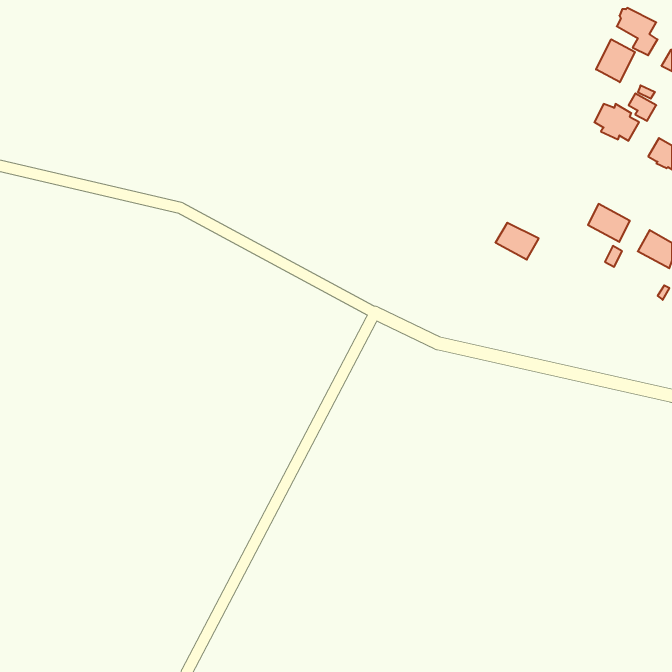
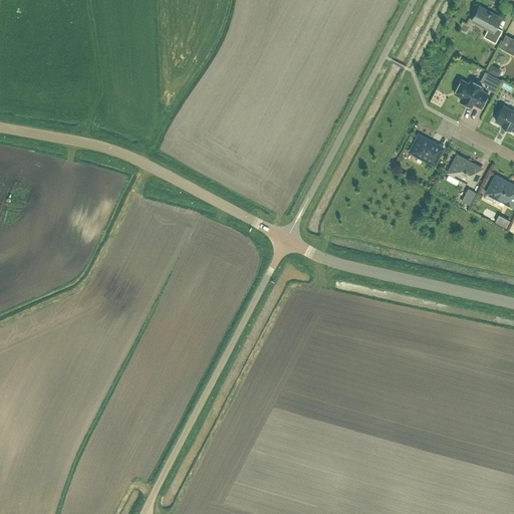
building: [596,39,635,82] -> none
building: [495,223,539,260] -> [410,136,443,164]

